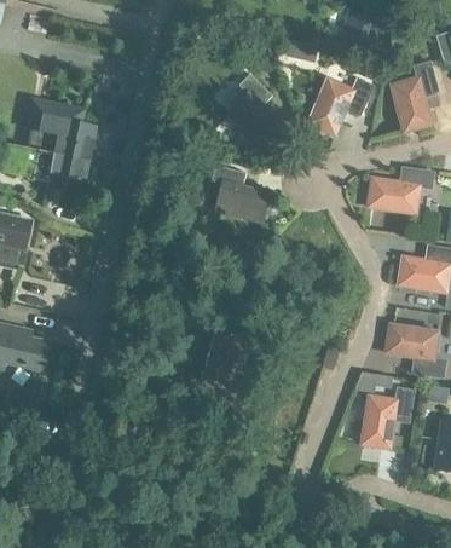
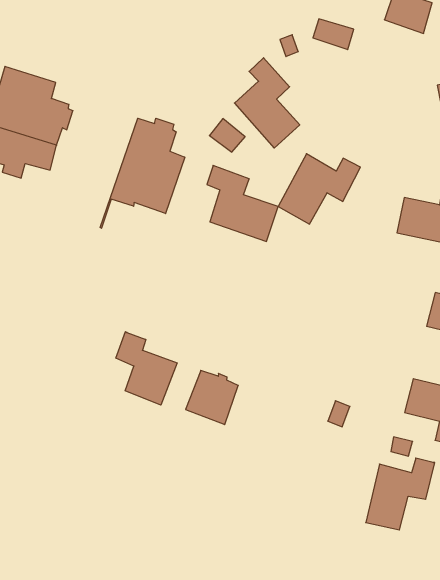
building: [308,75,372,132] -> [278,154,360,224]
building: none -> [100,118,185,228]
building: none -> [116,332,177,405]

